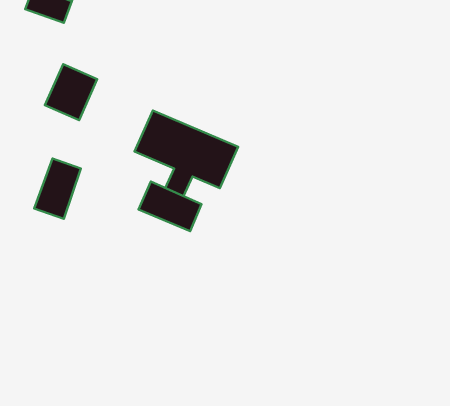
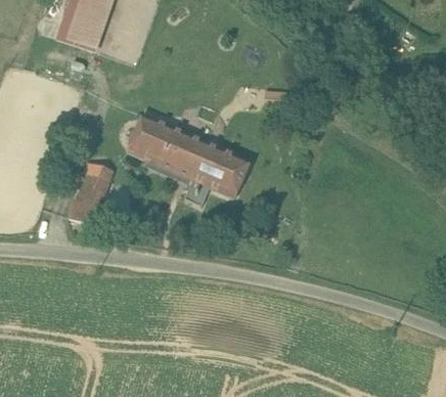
building: [45,64,97,120] -> [127,115,174,165]
building: [139,182,202,231] -> none

